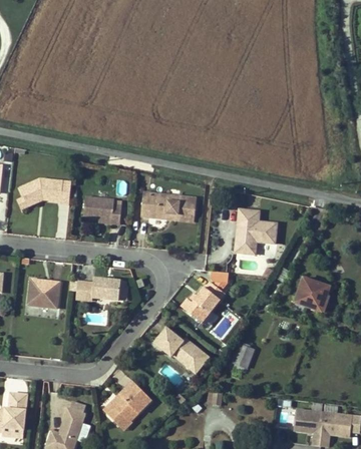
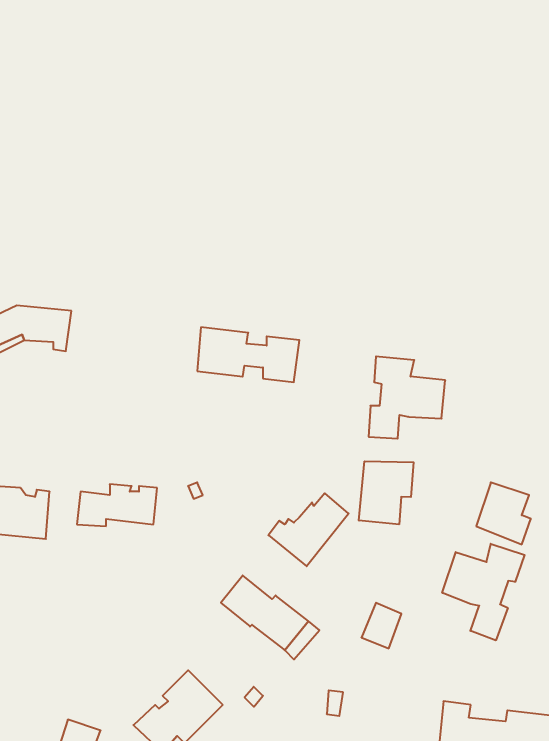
building: [83,196,121,222] -> none
building: none -> [359,461,414,524]
building: none -> [442,544,525,640]

